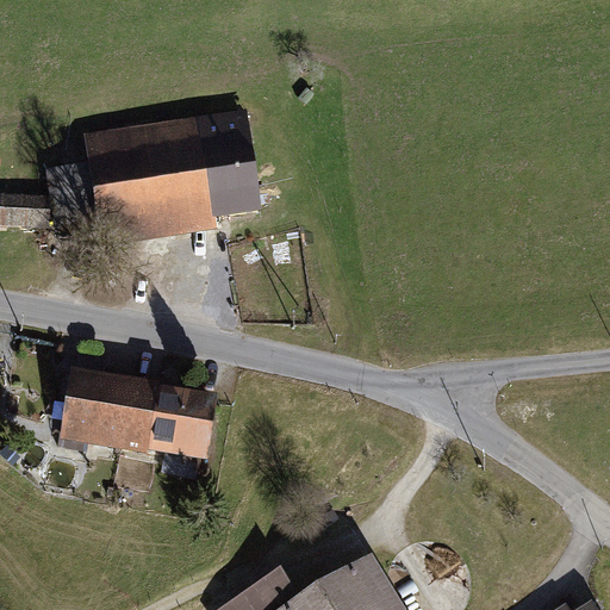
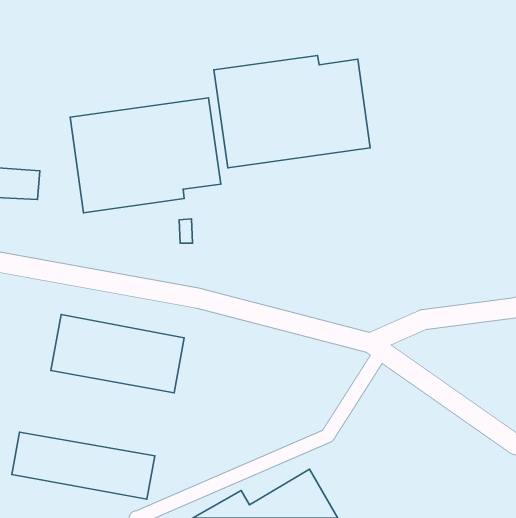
building: none -> [214,56,370,168]
building: none -> [12,432,155,499]

